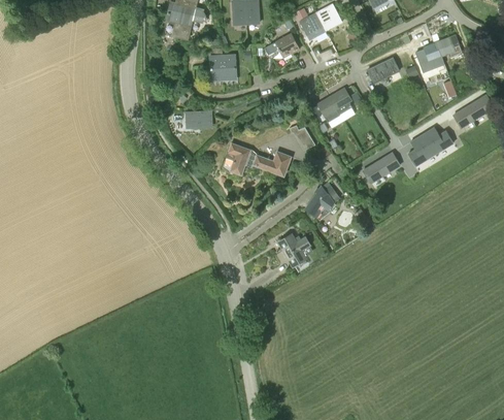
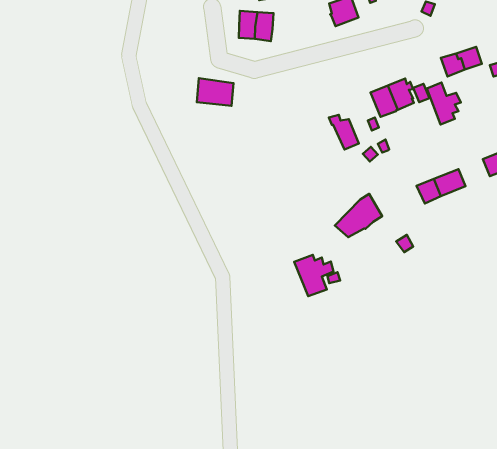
building: none -> [427,83,461,125]
building: [227,143,291,175] -> none

